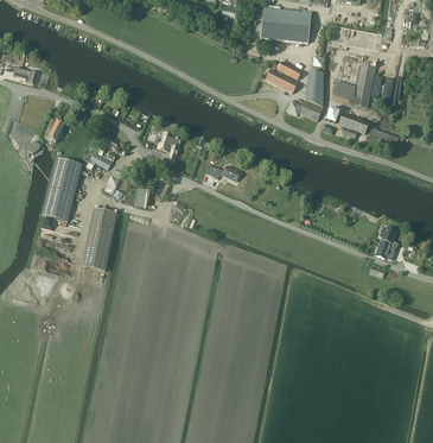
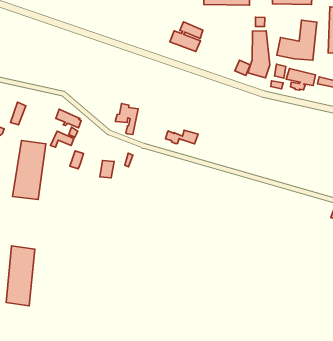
building: [266,61,301,93] -> [170,22,203,52]
building: [82,207,117,271] -> [6,246,35,306]

